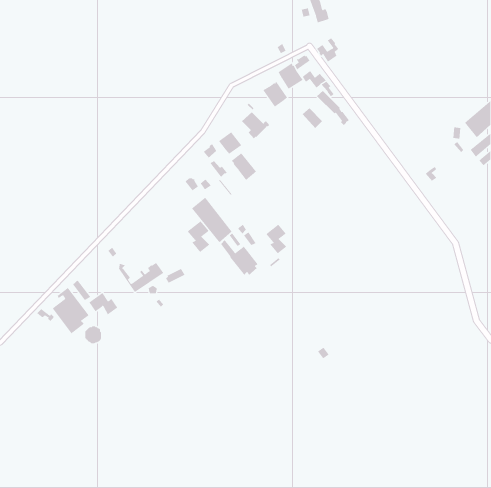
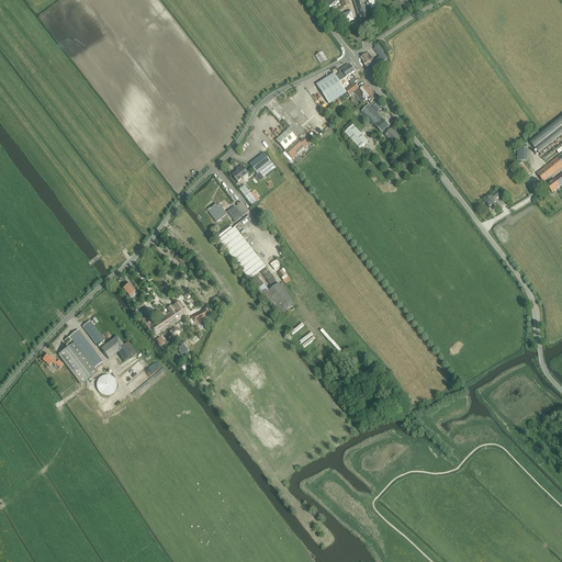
building: [262,81,288,108] -> none
building: [231,153,257,181] -> none
building: [187,220,210,253] -> none
building: [265,224,287,254] -> none

